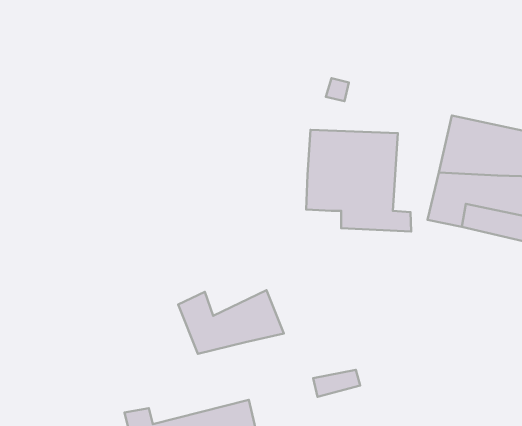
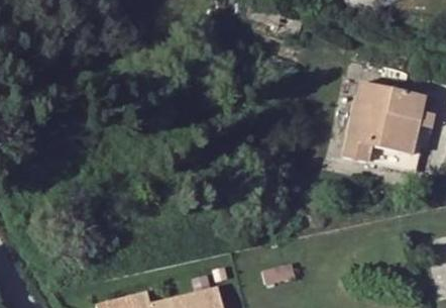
building: [306,130,411,232] -> none
building: [178,290,284,354] -> none

